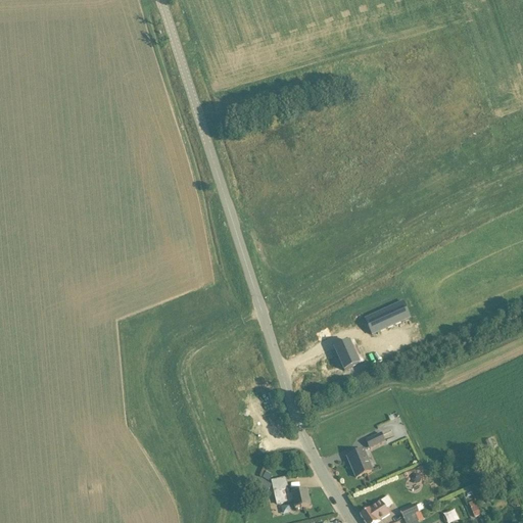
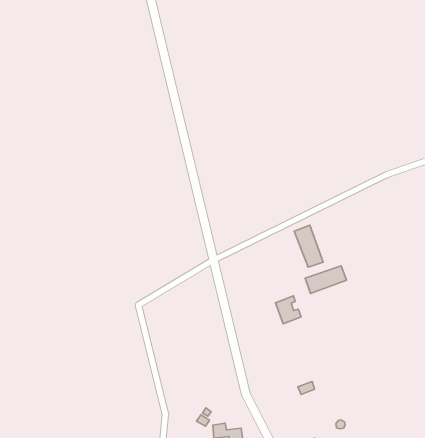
building: none -> [294,225,323,267]
building: [346,446,371,474] -> none

